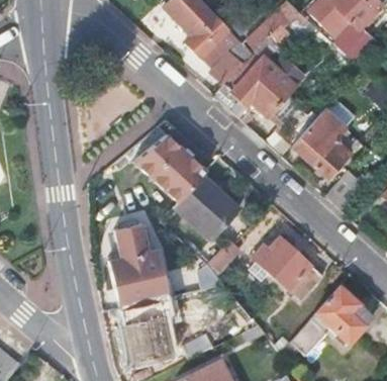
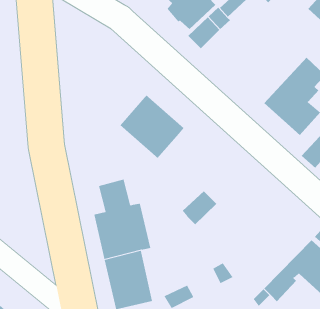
building: [231,58,294,115] -> none
building: [173,175,236,240] -> none
building: [252,233,323,297] -> none

